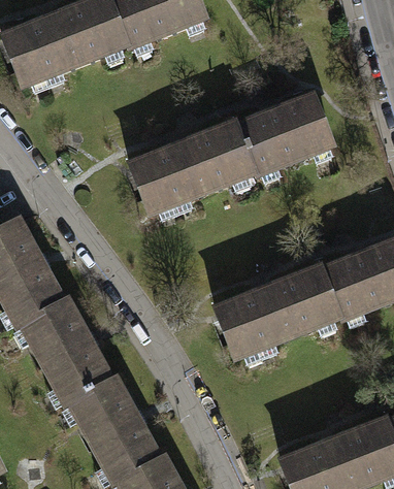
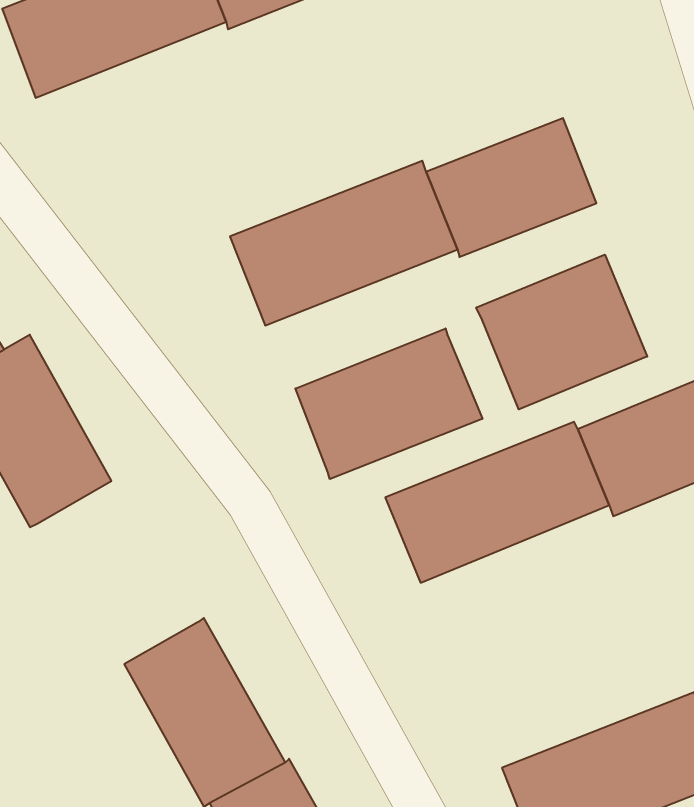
building: none -> [476,255,647,409]
building: none -> [295,328,482,479]
building: [22,297,111,403] -> none

